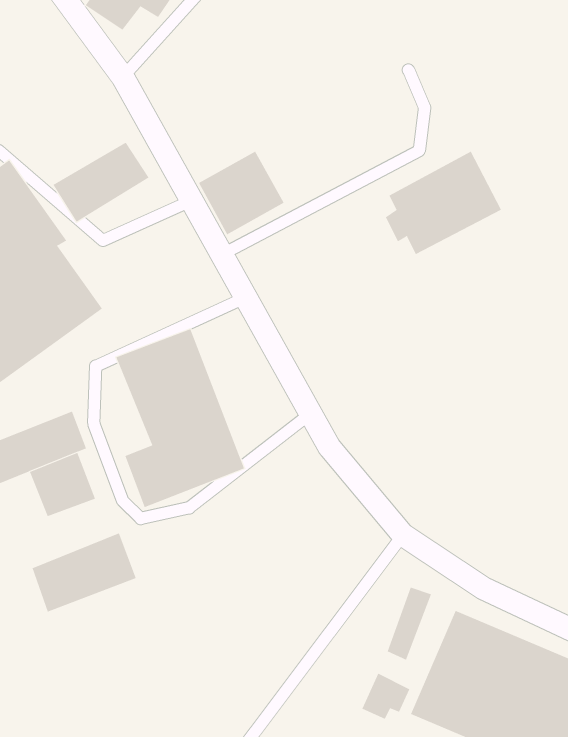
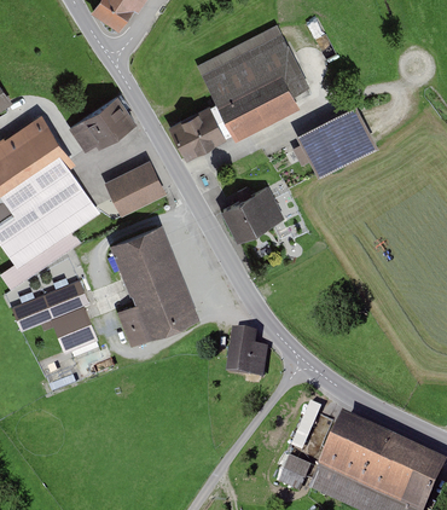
building: none -> [201,27,310,144]
building: none -> [110,162,166,211]
building: none -> [219,187,281,240]
building: none -> [226,330,268,376]
building: [32,533,136,613] -> none

